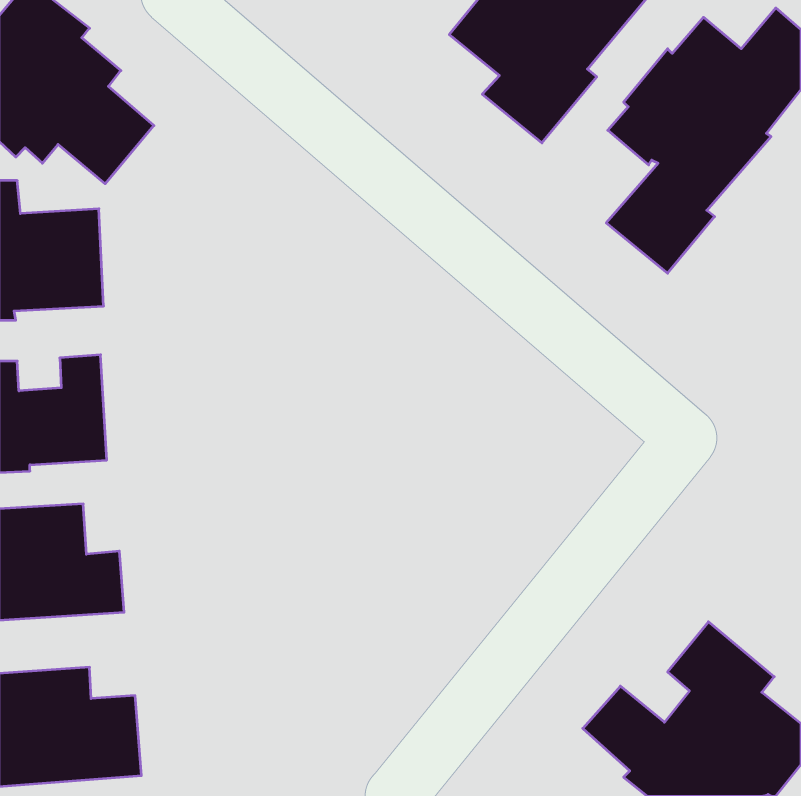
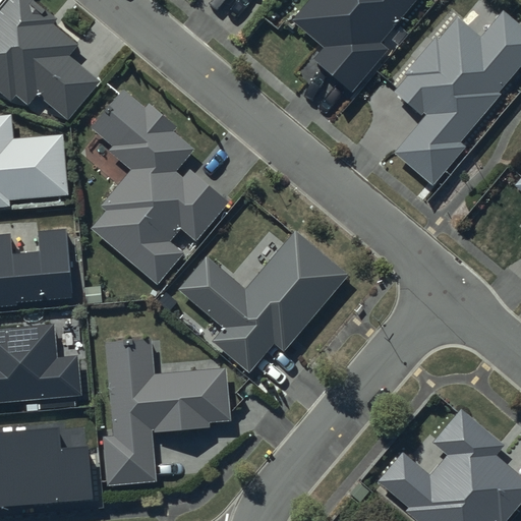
building: none -> [89,88,226,280]
building: none -> [177,231,348,374]
building: none -> [105,341,229,485]

